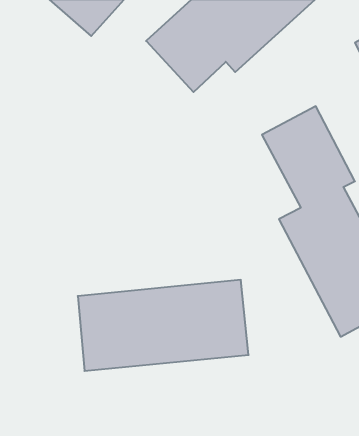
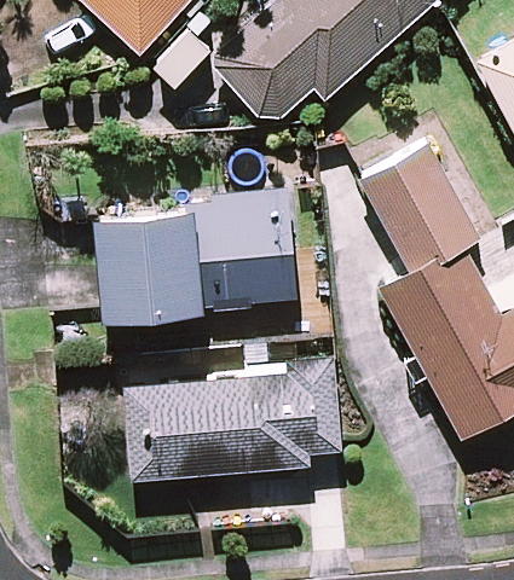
building: none -> [94,195,299,314]

